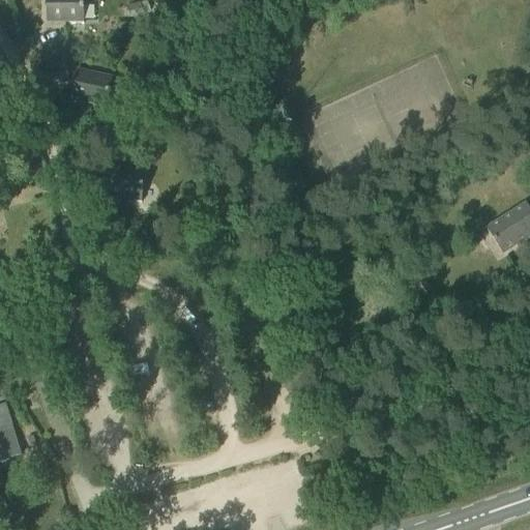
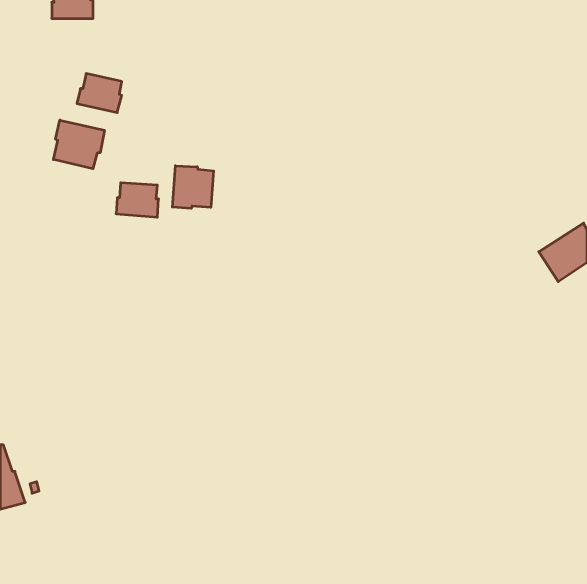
building: none -> [53,120,104,169]
building: none -> [172,166,214,208]

